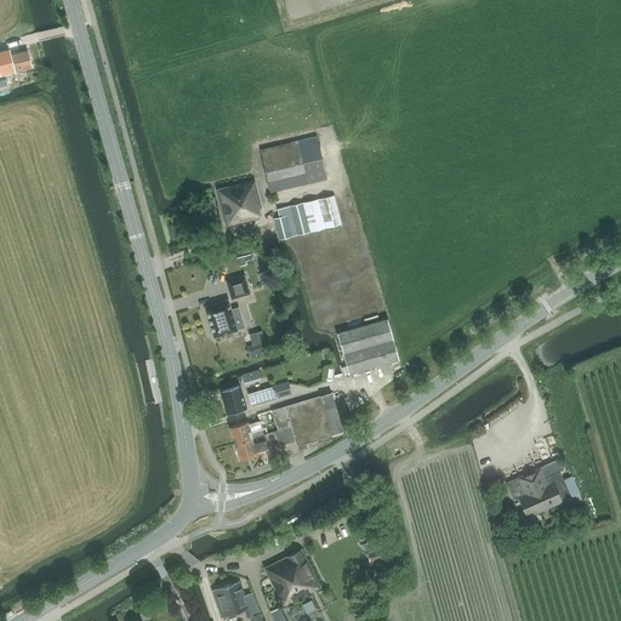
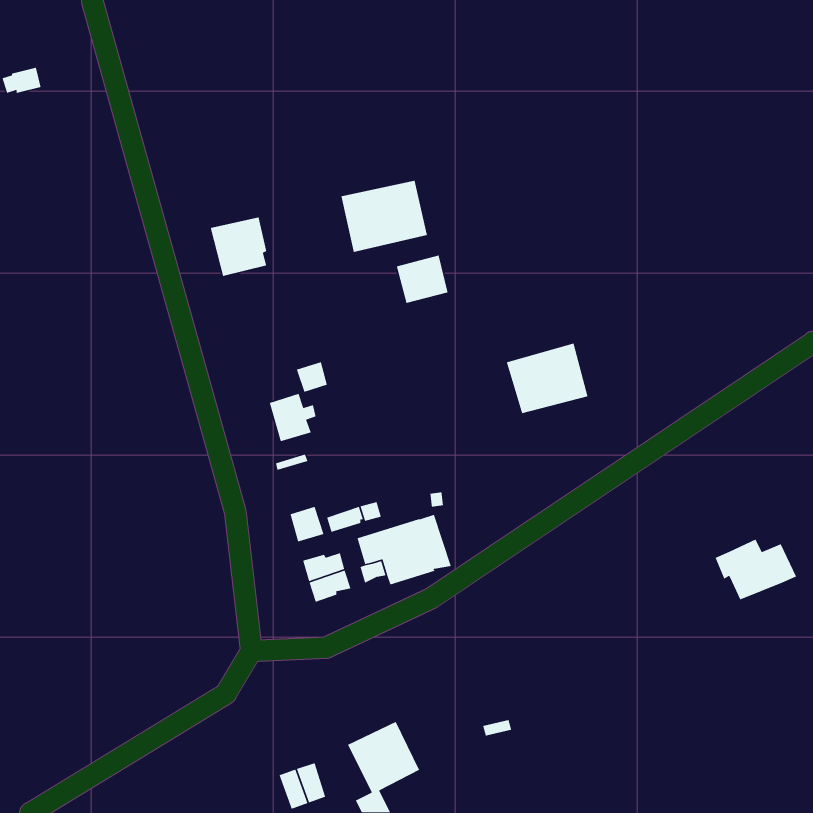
building: [217,181,261,227] -> [210,216,267,277]
building: [274,203,309,239] -> none
building: [336,319,399,374] -> [506,343,588,414]
building: [508,468,571,515] -> [714,538,797,601]

